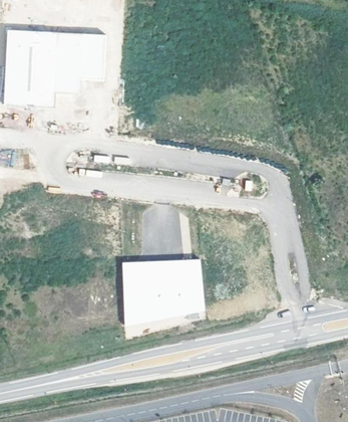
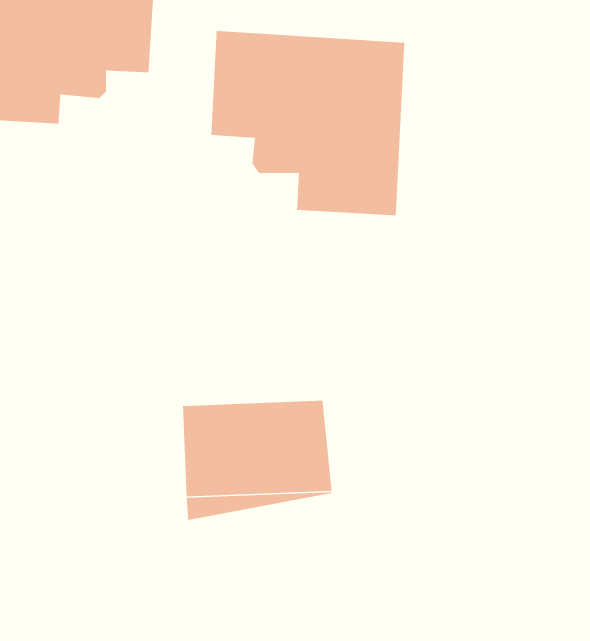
building: none -> [211,30,405,216]

